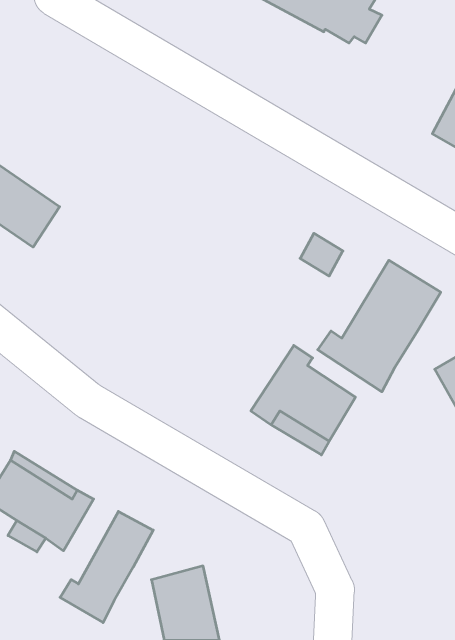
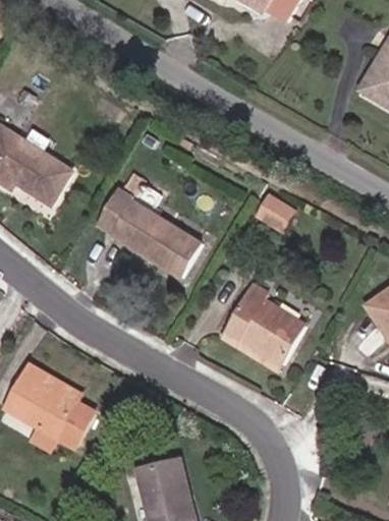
building: none -> [101,188,197,272]
building: [318,260,441,392] -> none
building: [60,511,153,623] -> none

